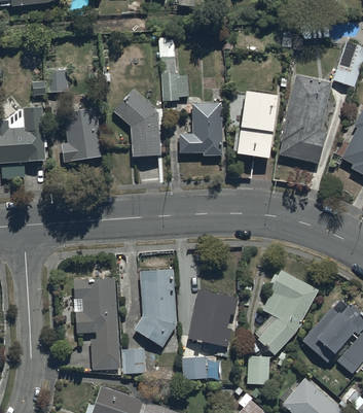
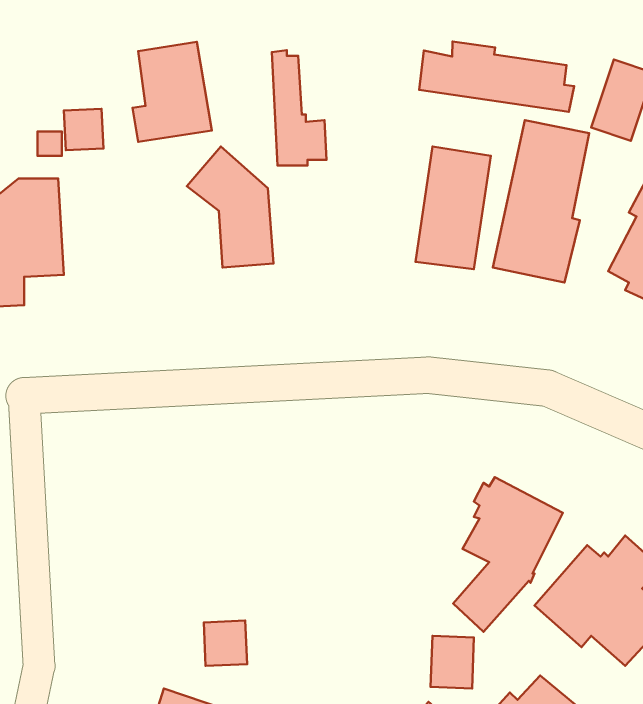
building: none -> [419,42,574,112]
building: [179,102,222,156] -> none
building: [60,107,103,162] -> [132,42,212,142]
building: [134,269,175,346] -> none
building: [73,277,119,370] -> none
building: [187,289,238,347] -> none
building: [181,356,206,379] -> none

